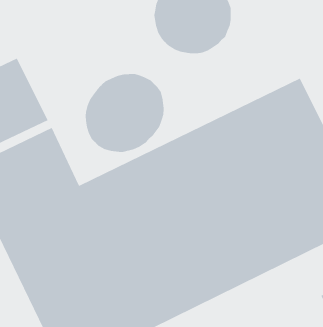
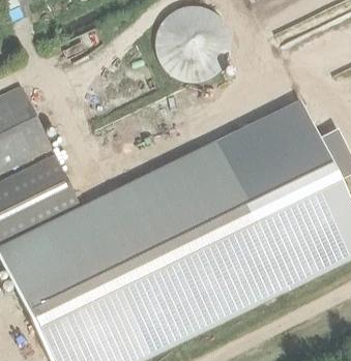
building: [85,73,165,153] -> none

